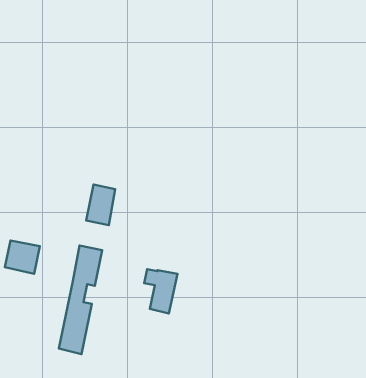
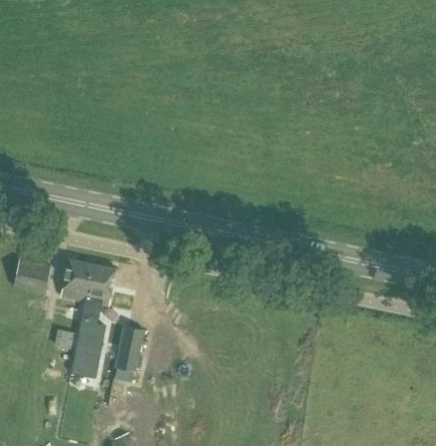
building: [86,184,115,225] -> [61,259,92,302]
building: [144,269,177,314] -> [109,324,144,371]

